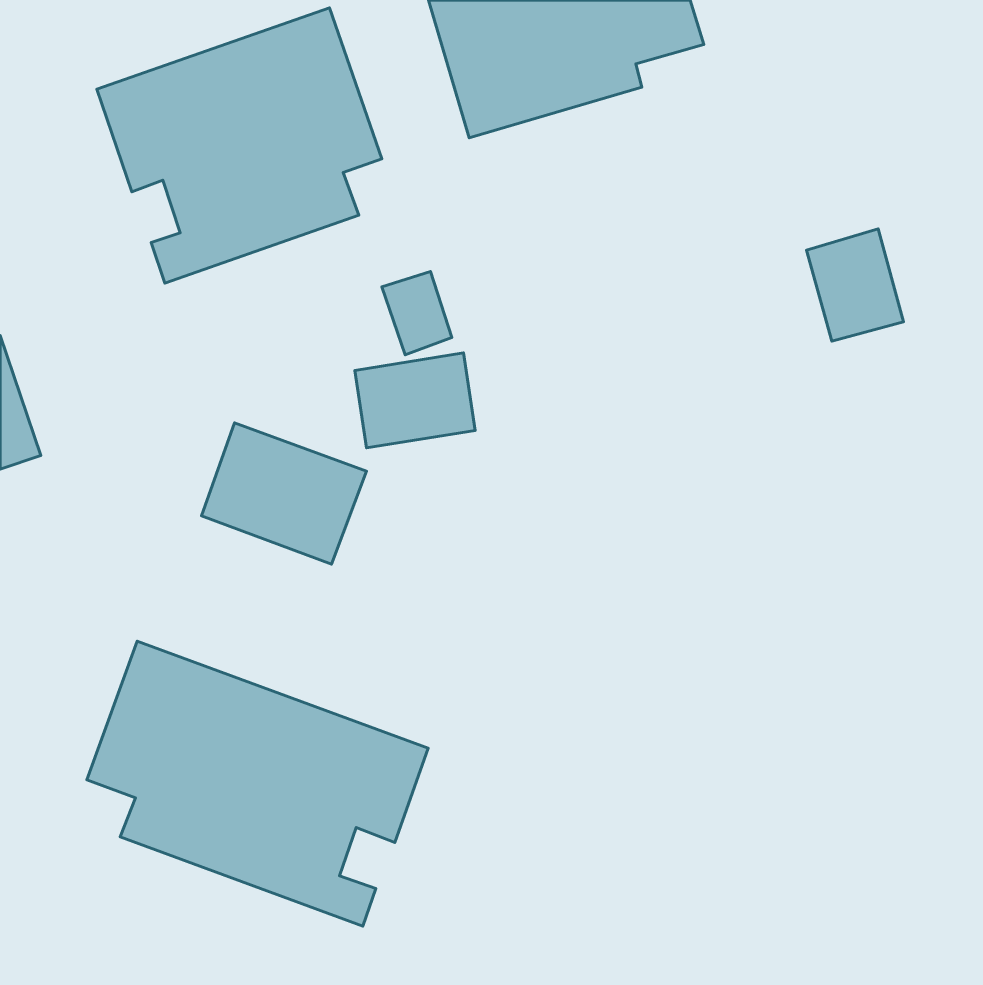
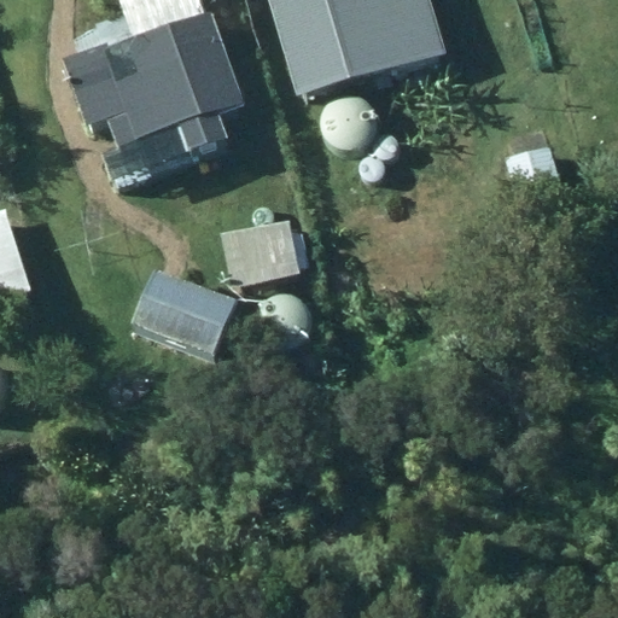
building: [87,641,428,926] -> none

